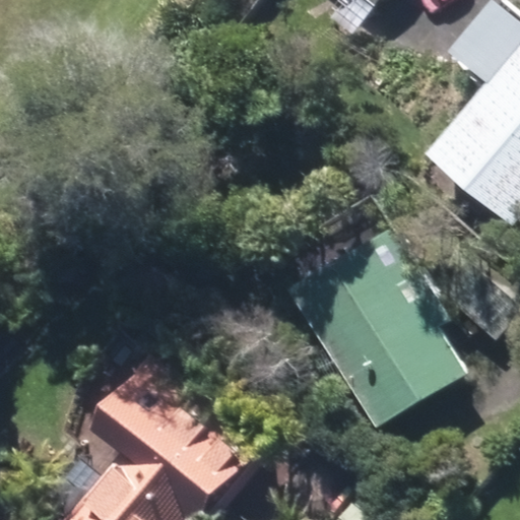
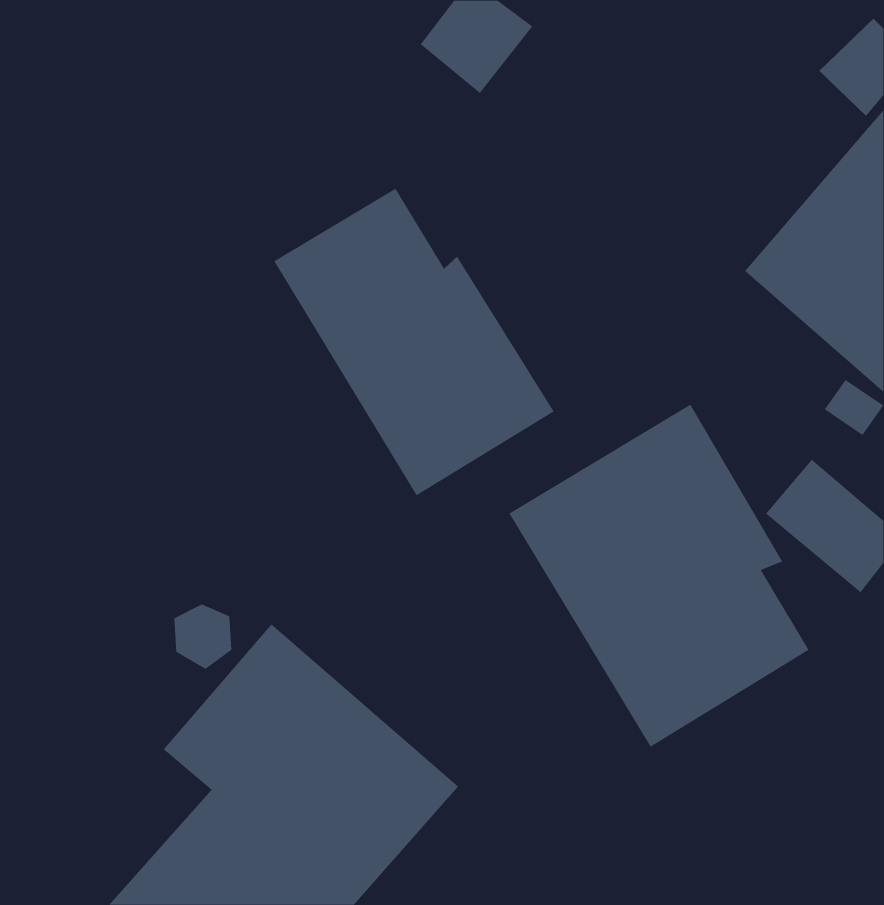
building: none -> [274,188,554,496]

